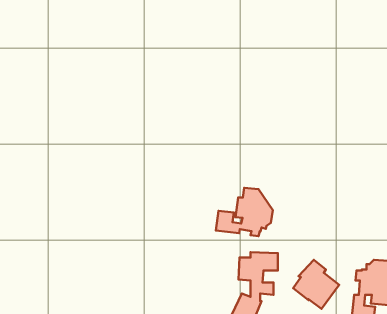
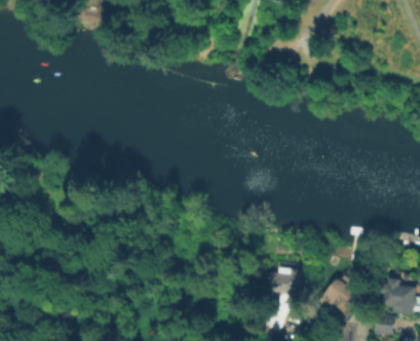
building: [216,188,273,236] -> none

